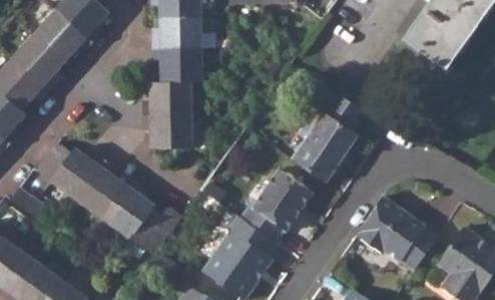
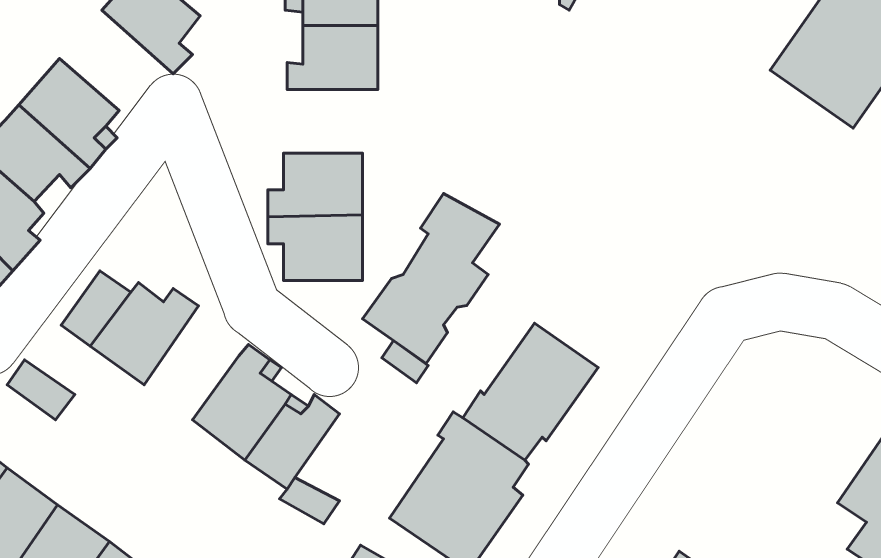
building: [33,7,92,59] -> none
building: [151,48,198,81] -> none
building: [293,93,364,182] -> [362,193,500,363]
building: [77,161,126,220] -> none
building: [359,196,437,269] -> none

